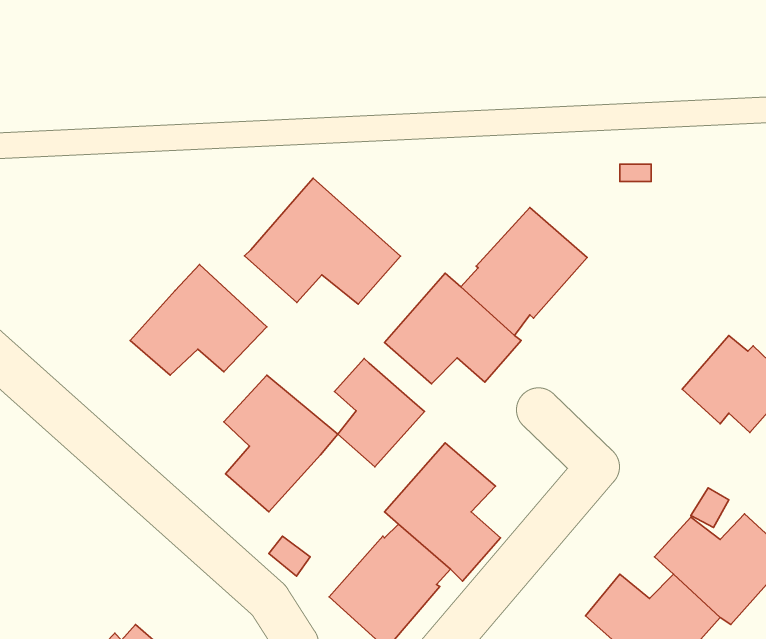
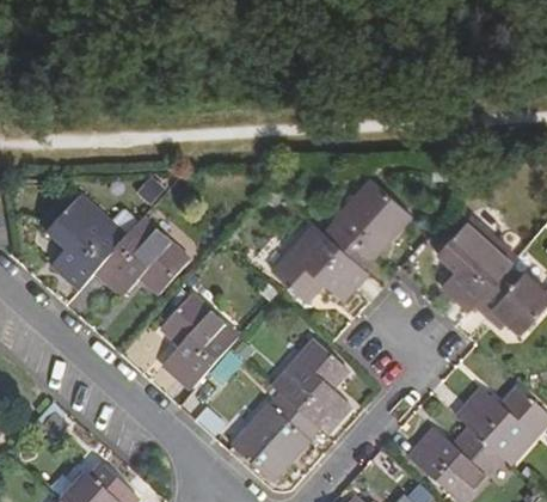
building: [244,178,400,304] -> none
building: none -> [51,194,127,288]
building: none -> [442,216,517,311]
building: [335,358,424,467] -> none

